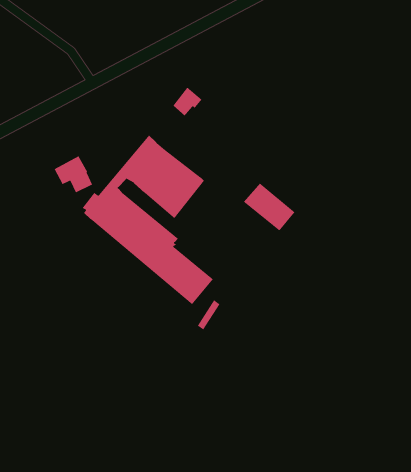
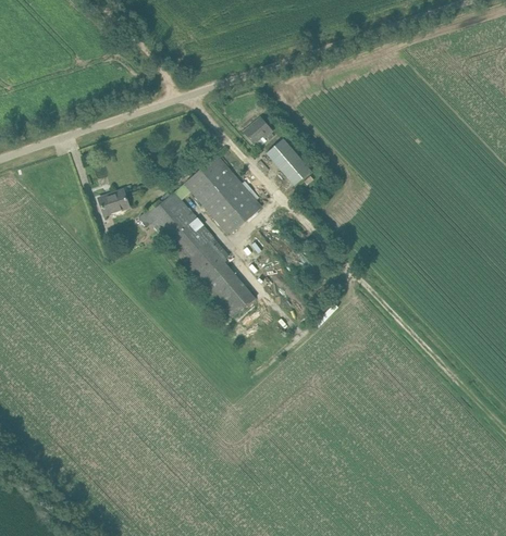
building: [54,155,93,194] -> [97,188,131,223]
building: [243,182,295,231] -> [263,138,310,186]

